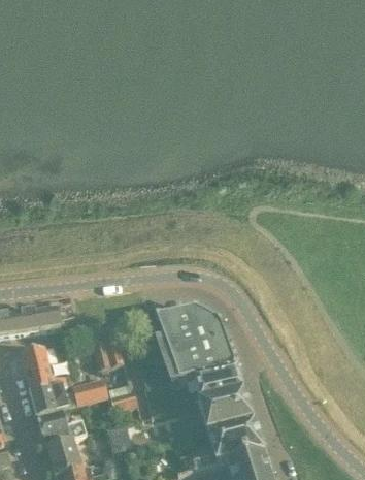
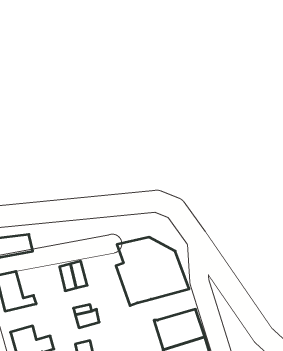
building: [194,366,243,402] -> none
building: [31,379,106,415] -> none

